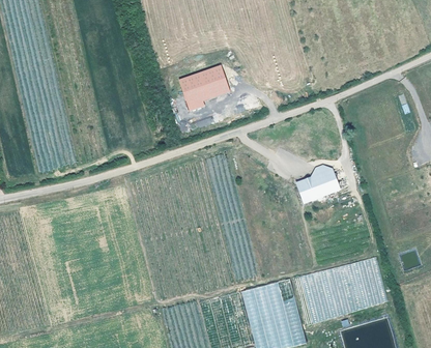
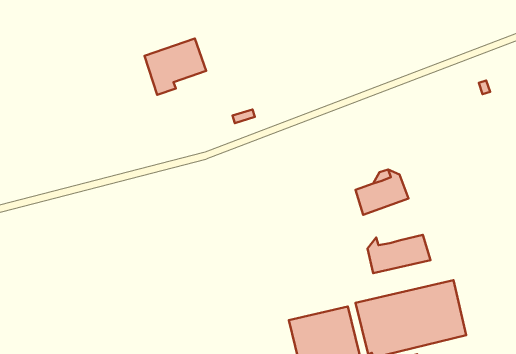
building: [179,64,230,111] -> [145,38,206,95]
building: none -> [368,235,430,273]

